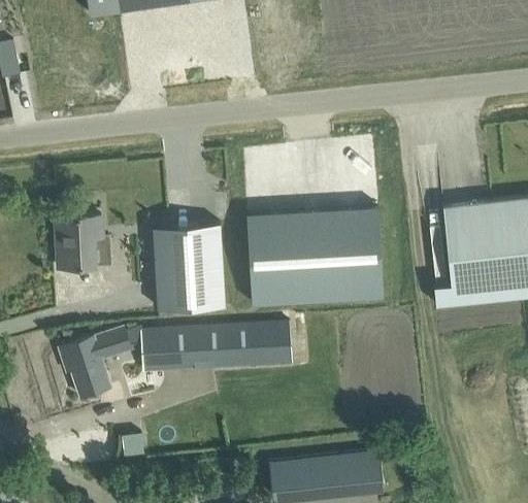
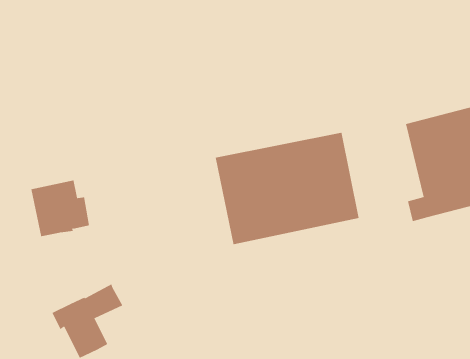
building: [154,224,225,310] -> none
building: [141,312,293,372] -> none

